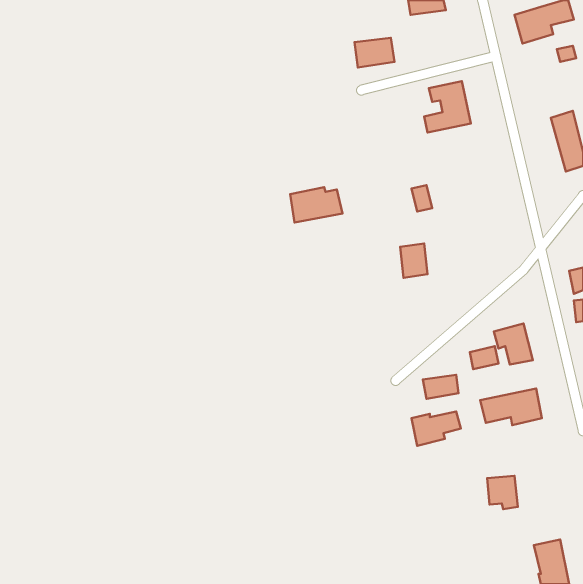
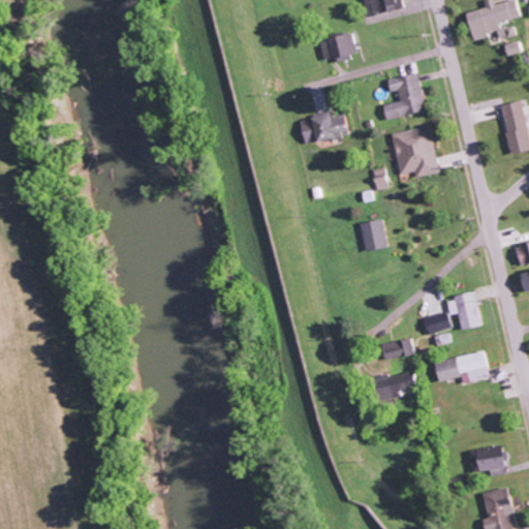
building: none -> [393,127,438,178]
building: [290,187,343,223] -> [301,113,348,145]
building: [487,476,518,509] -> [476,446,504,476]

